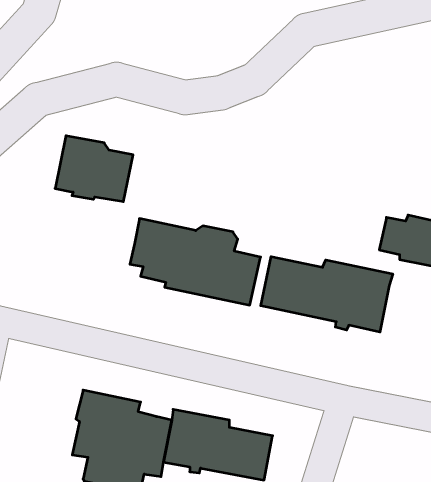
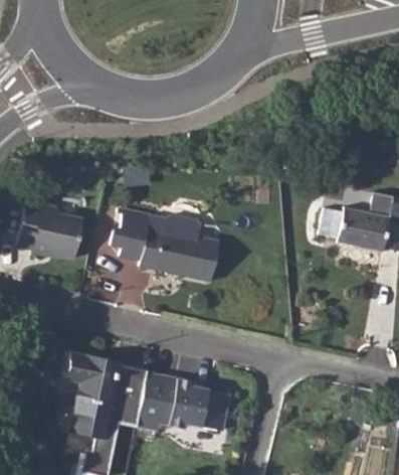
building: [55,136,133,202] -> [17,203,82,259]
building: [261,257,393,332] -> none

